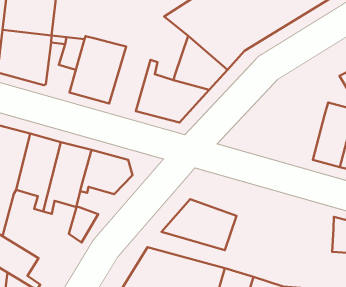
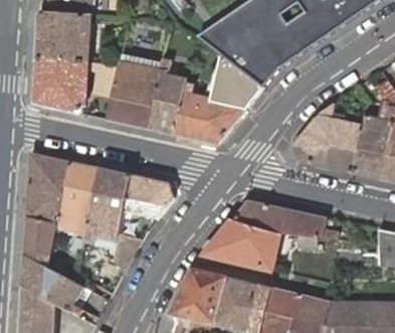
building: none -> [147,58,187,133]
building: none -> [292,102,363,172]
building: none -> [233,200,339,238]

